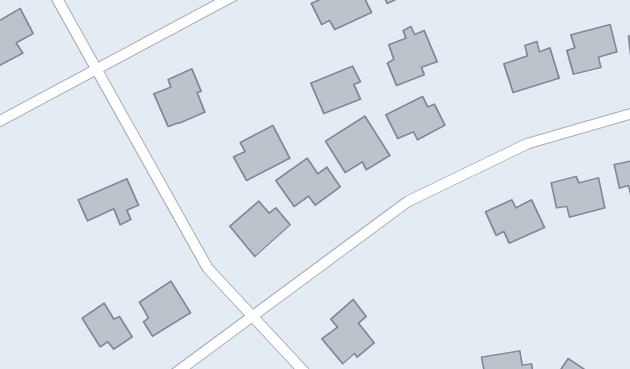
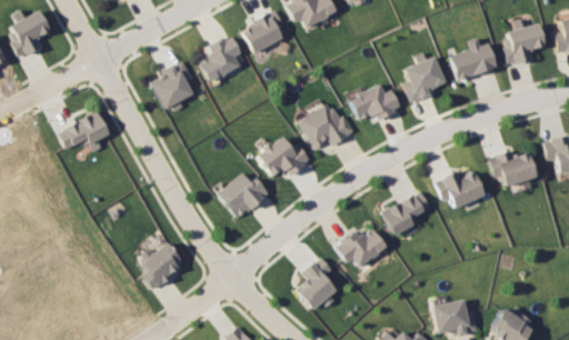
building: [387,26,437,85] -> [402,53,445,103]
building: [311,66,361,113] -> [241,12,283,52]
building: [233,125,290,180] -> [199,36,247,82]
building: [78,179,139,225] -> [58,113,109,152]
building: none -> [381,192,429,236]
building: none -> [335,229,387,267]
building: [82,303,132,349] -> none

